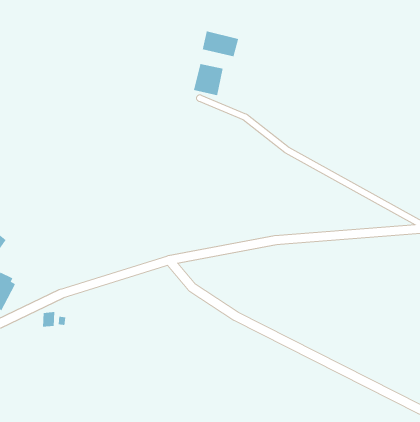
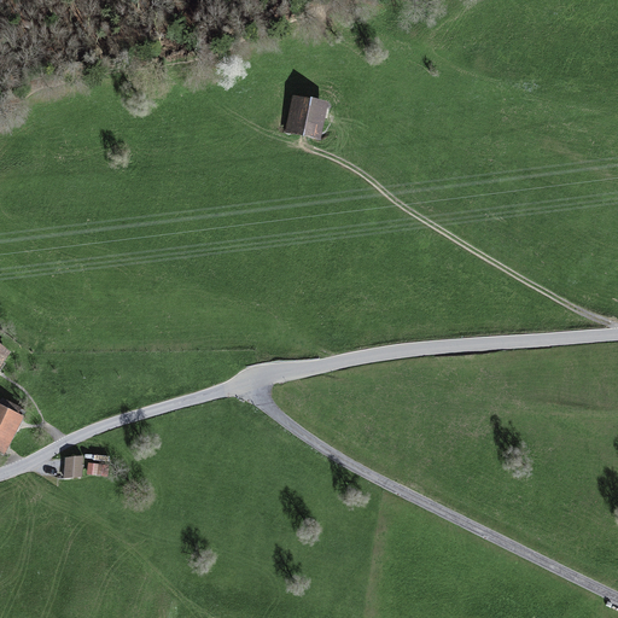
building: [202,31,239,57] -> none

